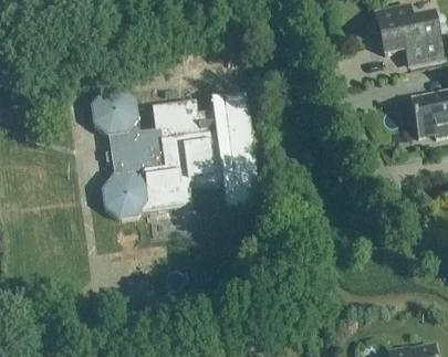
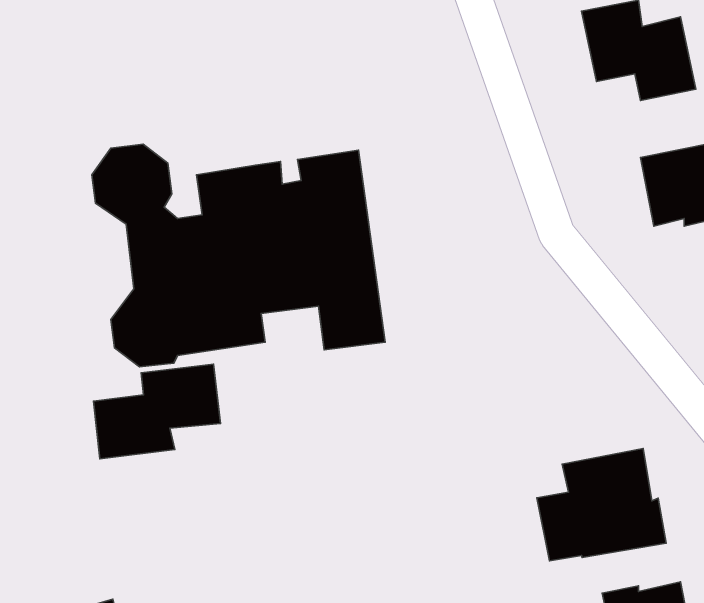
building: none -> [93,364,221,459]
building: none -> [537,449,666,561]

